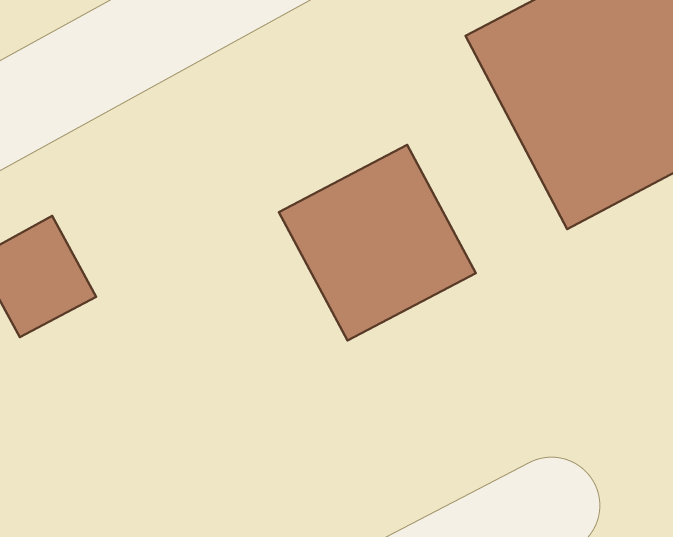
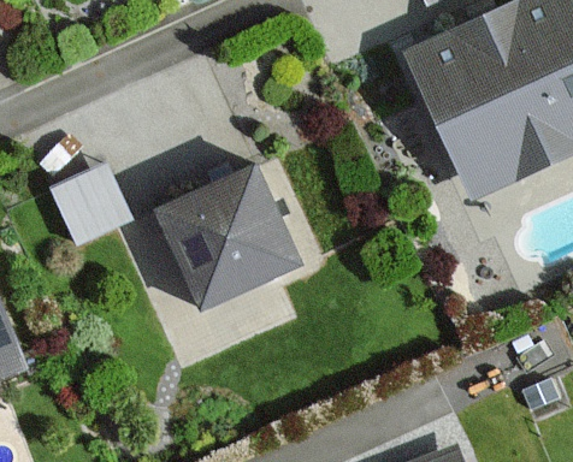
building: [279,145,476,340] -> [161,168,300,306]

